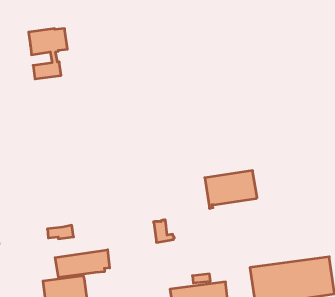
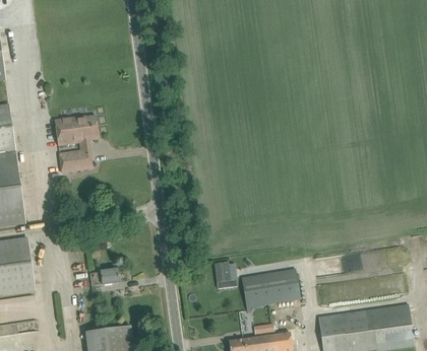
building: [29,29,67,79] -> [55,115,99,171]
building: [205,171,257,208] -> [241,268,300,310]
building: [55,250,110,278] -> none

